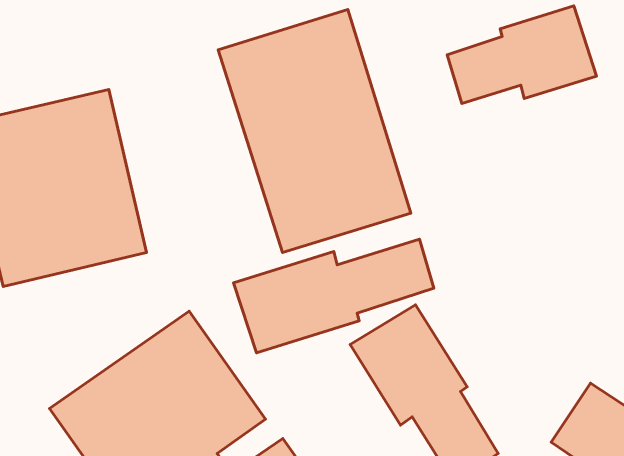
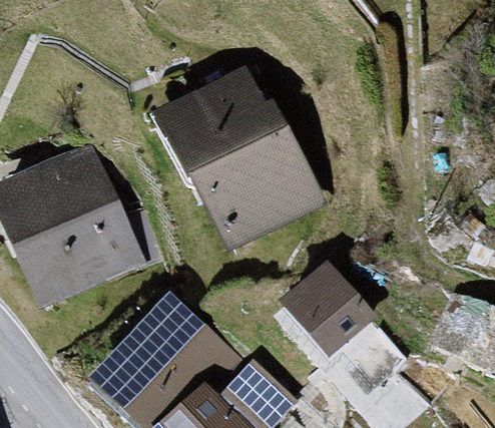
building: [447,6,596,104] -> none
building: [233,239,434,353] -> none

